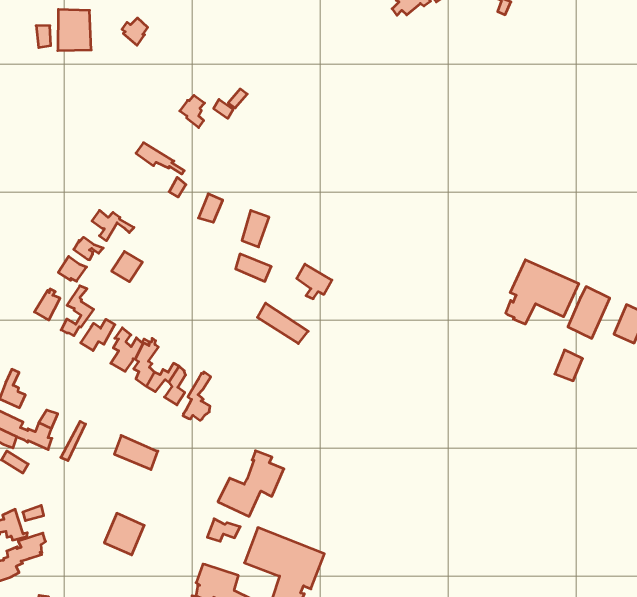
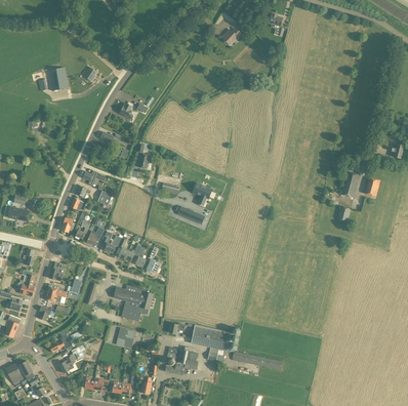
building: [506,260,579,324] -> none
building: [218,451,284,516] -> [120,286,152,321]

